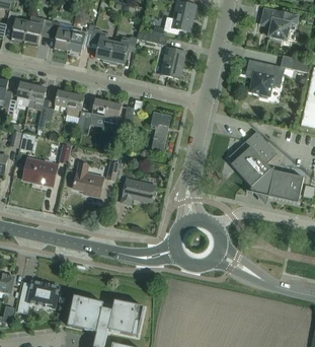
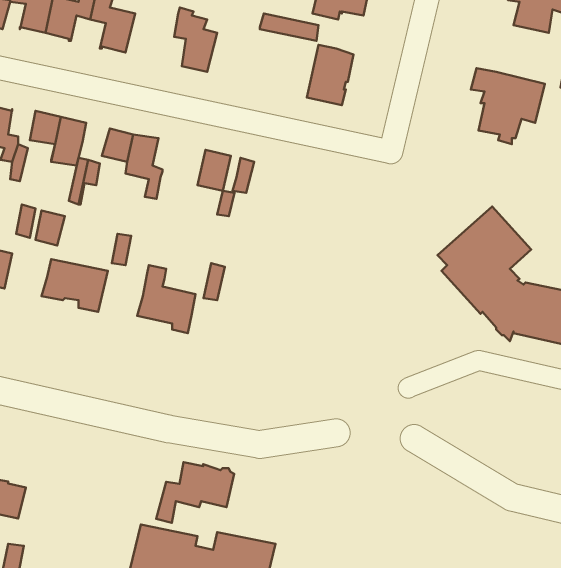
building: [67,28,94,55] -> none
building: [109,36,137,64] -> none
building: [82,98,108,135] -> none
building: [151,112,171,150] -> none
building: [122,179,156,204] -> none
building: [18,281,59,313] -> [156,462,234,523]

